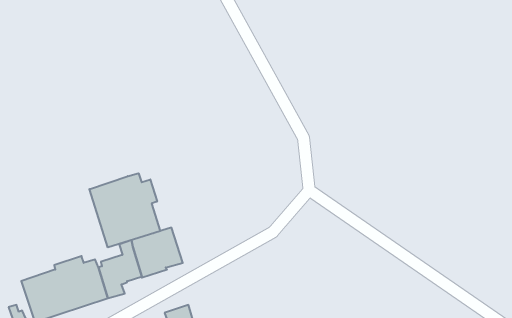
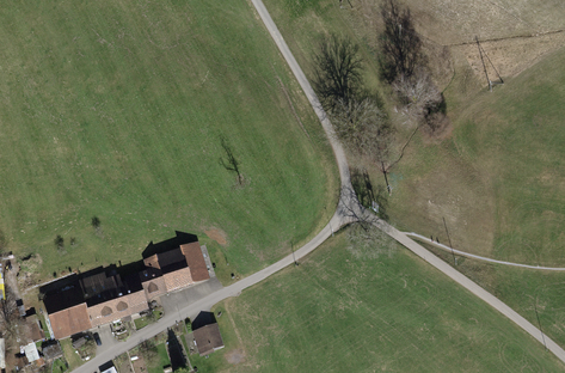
building: [89,173,160,247] -> none

